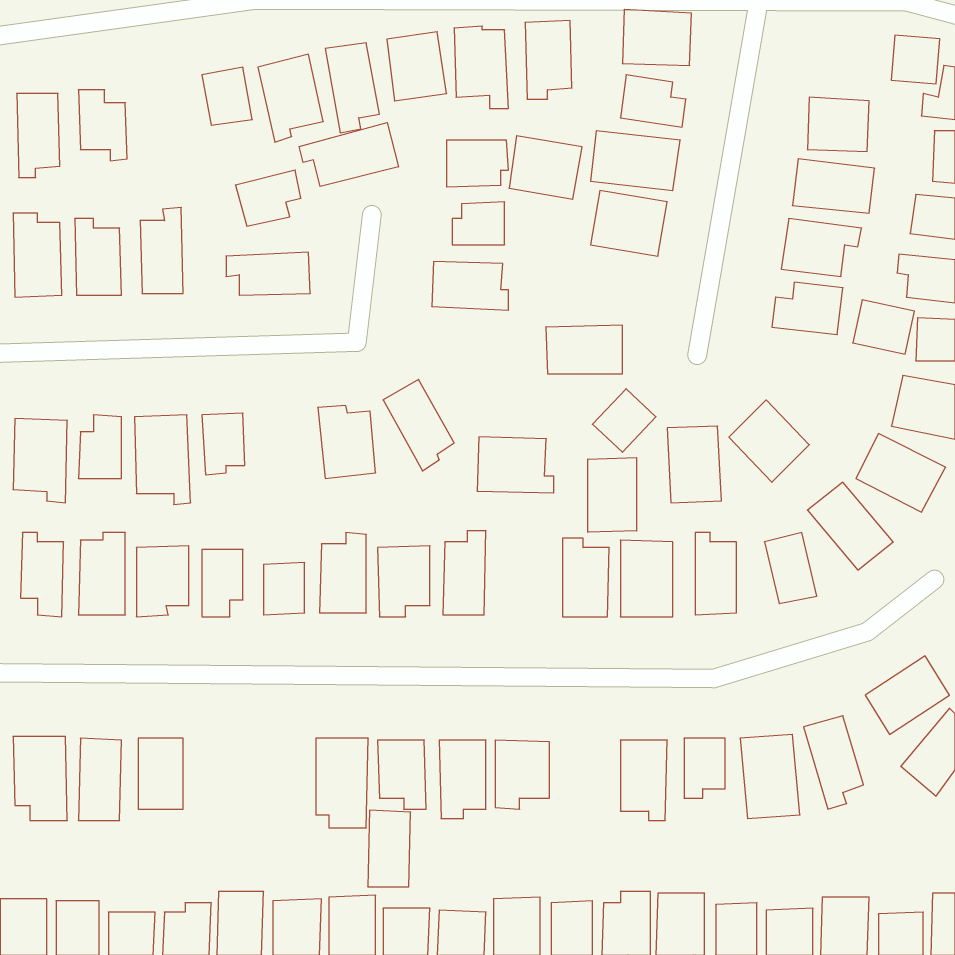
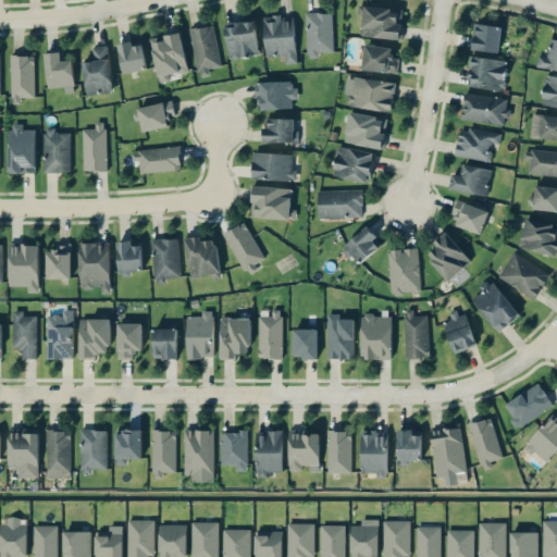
building: [891,35,940,84] -> [473,24,502,52]
building: none -> [82,45,113,95]
building: [299,123,398,186] -> none
building: [509,136,582,199] -> [333,146,375,183]
building: [853,300,914,354] -> [453,201,488,233]
building: none -> [150,237,182,284]
building: [477,437,554,493] -> [251,186,296,219]
building: [588,458,637,532] -> none
building: none -> [294,329,318,359]
building: none -> [326,430,352,473]
building: none -> [115,431,141,465]
building: [368,810,411,887] -> [151,430,176,474]

